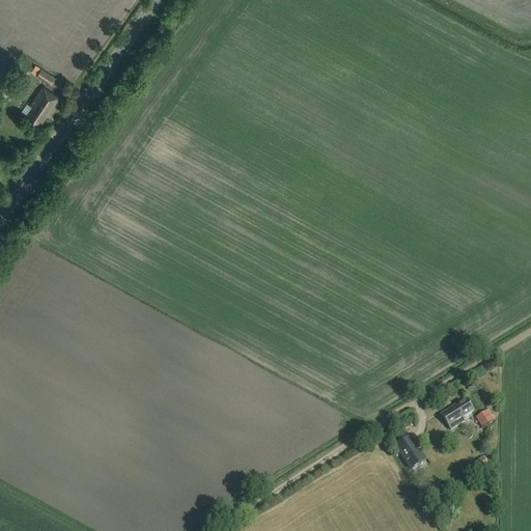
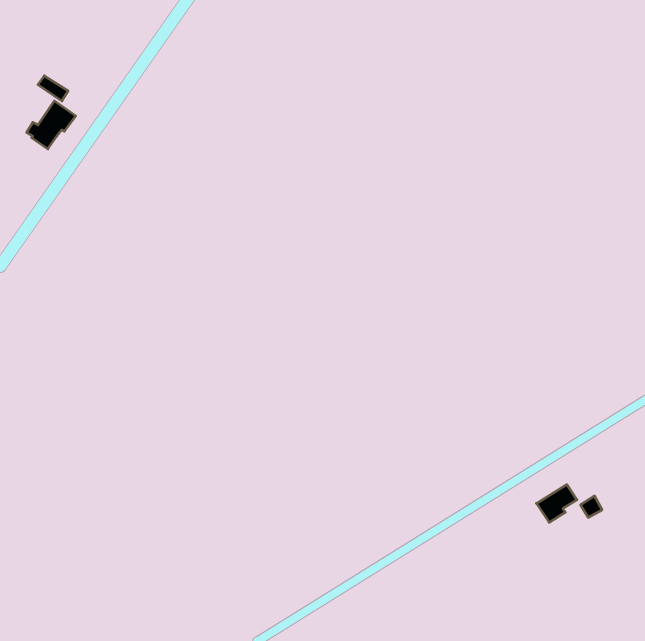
building: [395,436,426,471] -> none

